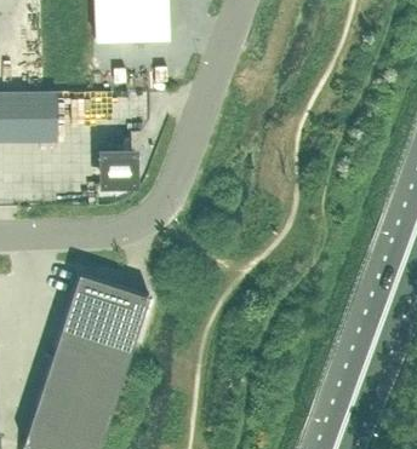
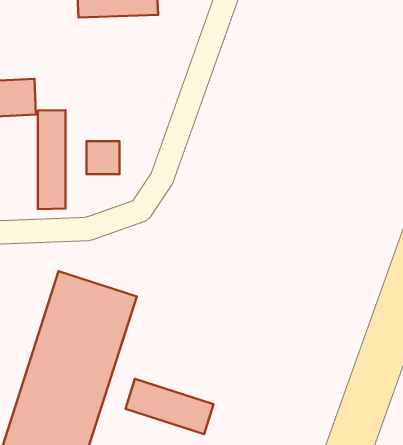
building: none -> [38,110,65,209]
building: none -> [125,379,214,434]

